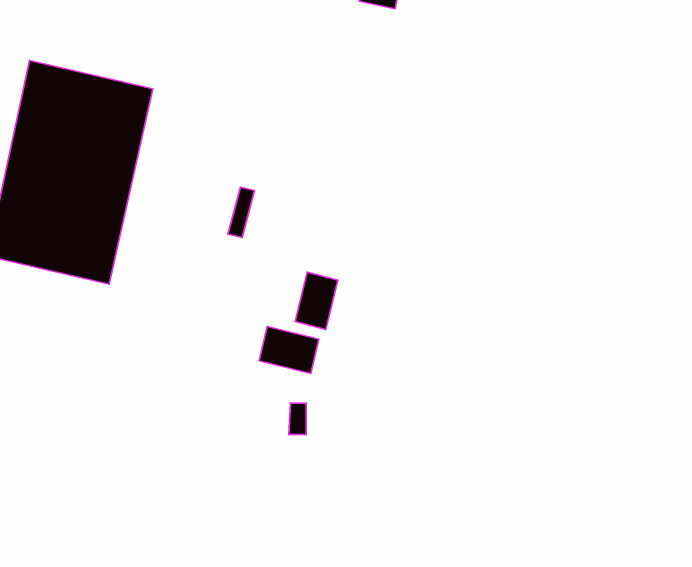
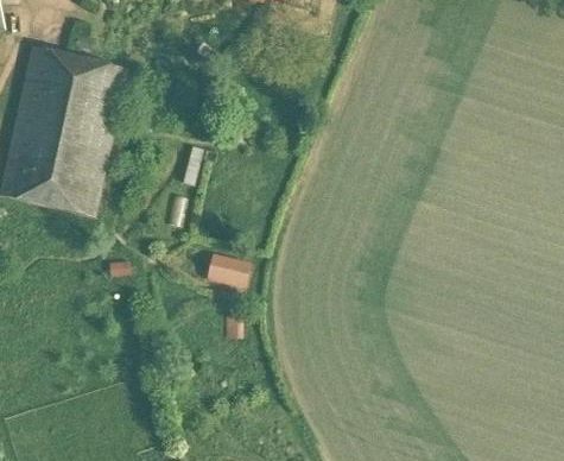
building: [295,272,338,330] -> none

